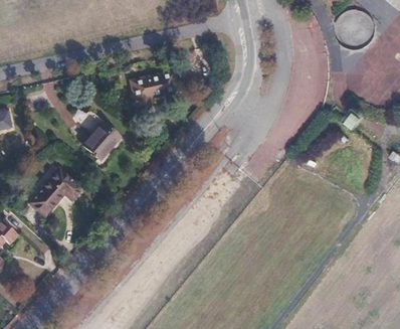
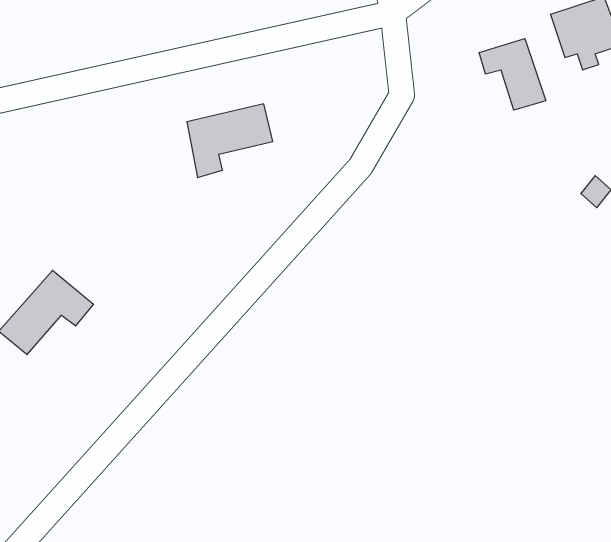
building: none -> [479,39,546,110]
building: [83,122,121,160] -> none

